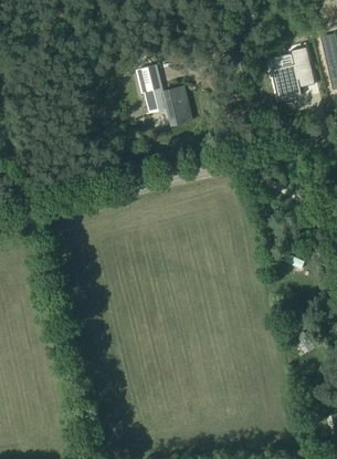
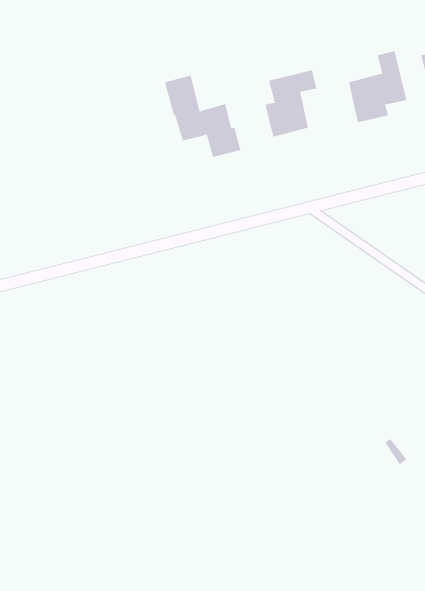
building: none -> [265,69,317,138]

